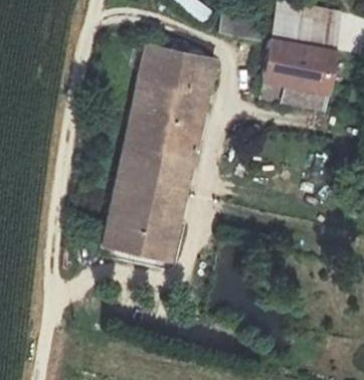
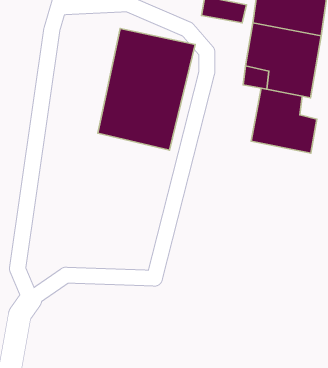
building: none -> [251,88,317,153]
building: [103,143,193,260] -> none

